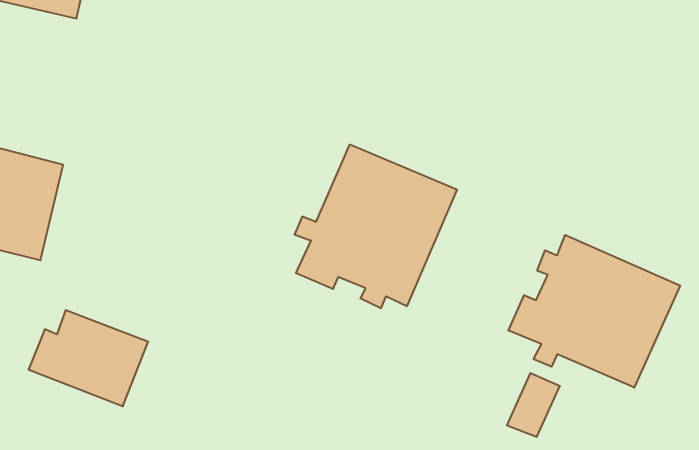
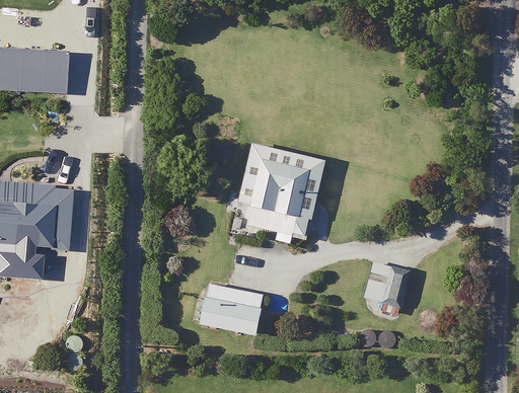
building: [508,235,680,388] -> none
building: [28,310,148,406] -> [192,281,265,335]

